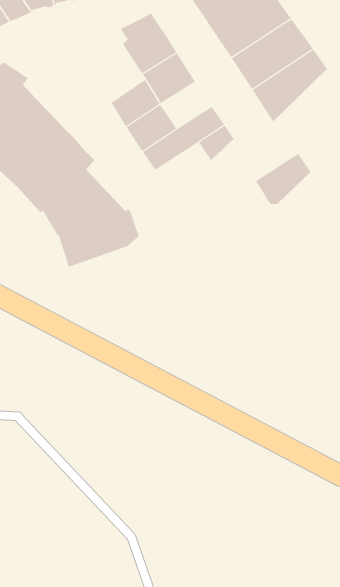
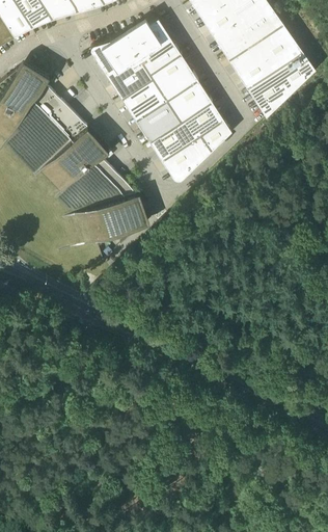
building: none -> [90,32,153,98]
building: none -> [166,79,212,121]
building: [255,153,311,205] -> [161,133,211,179]

